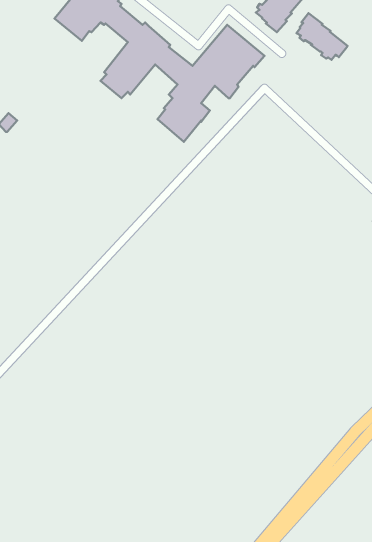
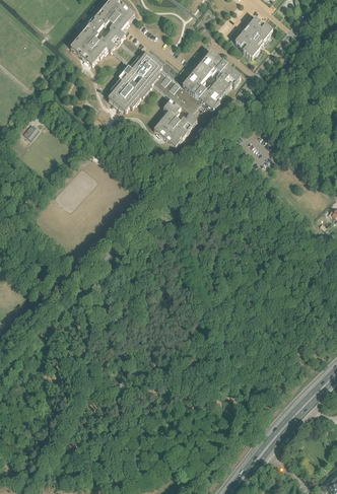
building: [296,13,348,60] -> none

